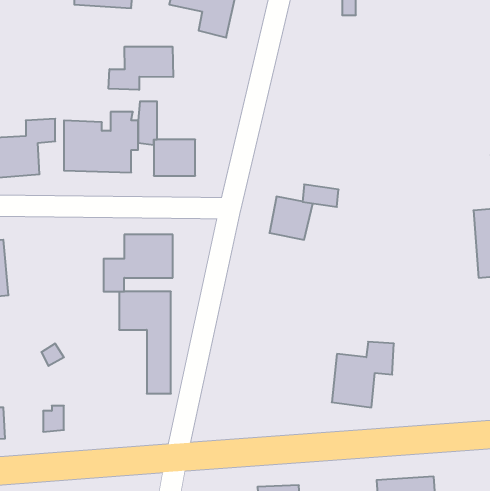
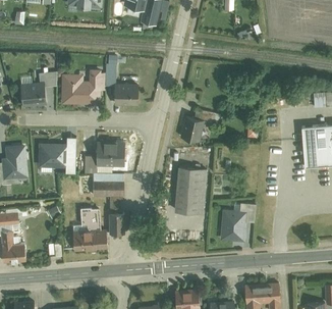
building: [109,47,173,90] -> none
building: none -> [36,141,74,176]
building: none -> [174,167,208,212]
building: none -> [71,207,107,252]

